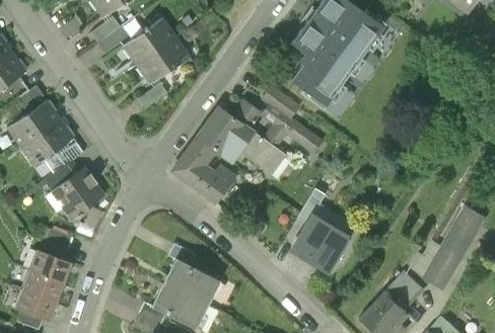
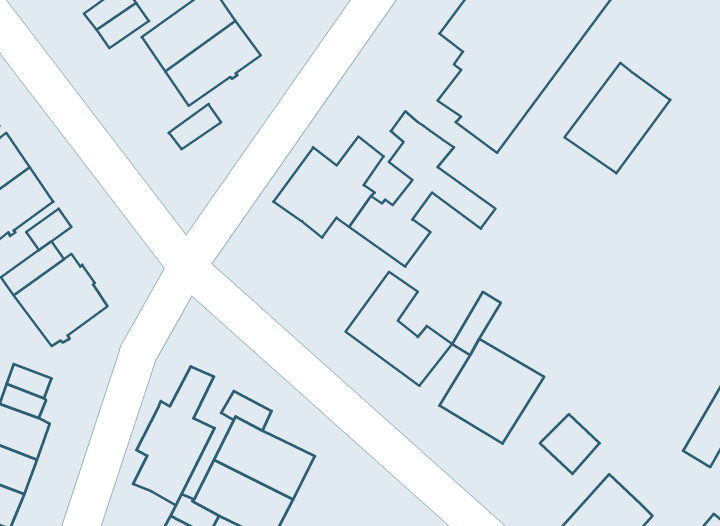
building: none -> [565,63,670,173]
building: [172,138,232,201] -> [346,272,452,386]
building: none -> [133,366,215,505]
building: [385,274,419,308] -> [540,414,600,474]

